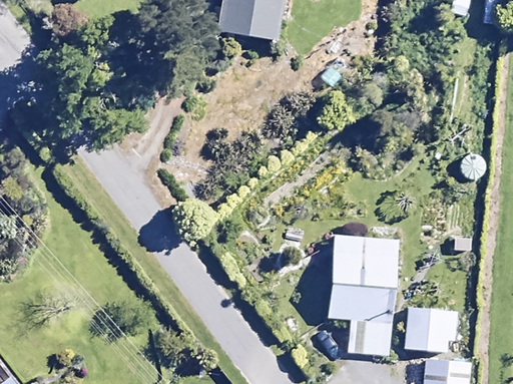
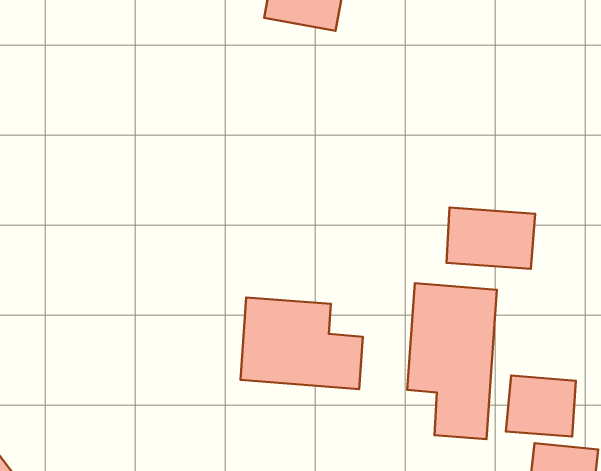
building: none -> [447,208,535,269]
building: none -> [240,298,363,389]

